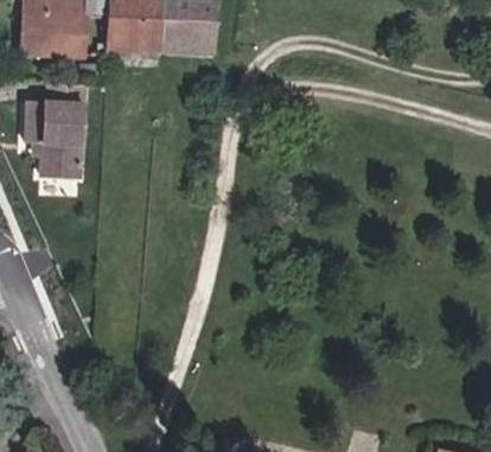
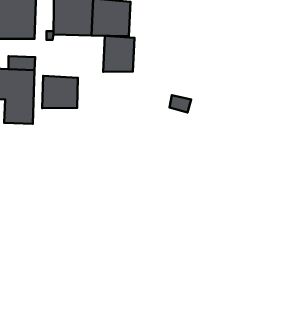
building: none -> [103,36,134,72]
building: none -> [42,76,78,108]

